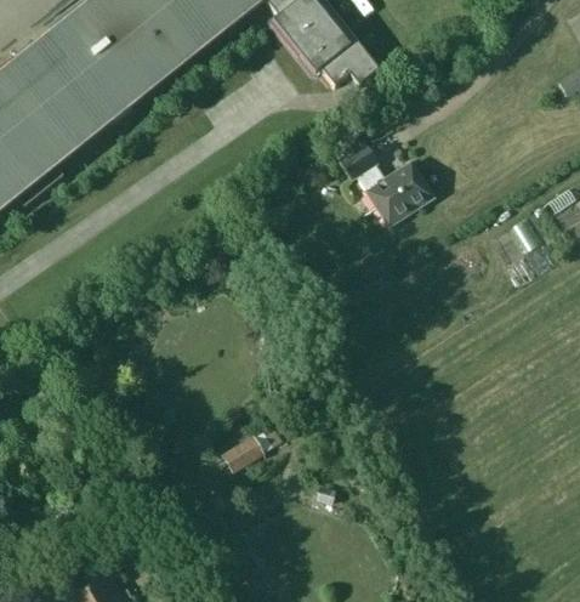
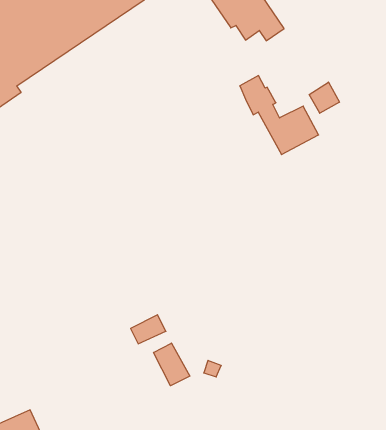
building: none -> [309,82,339,113]
building: none -> [154,343,190,386]

